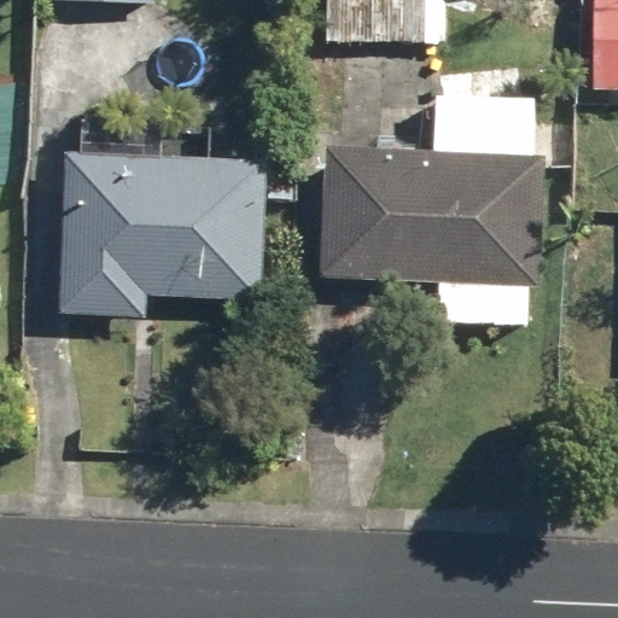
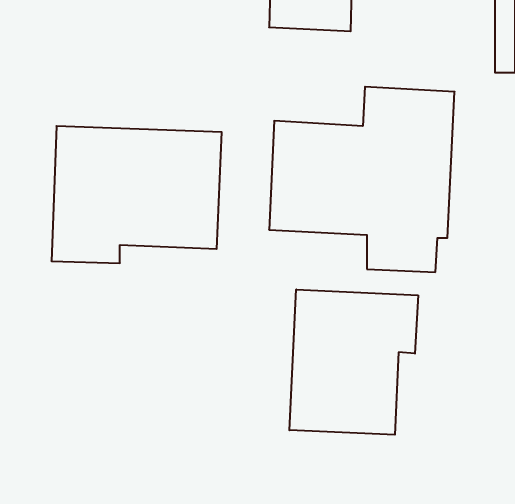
building: none -> [289,289,418,435]

